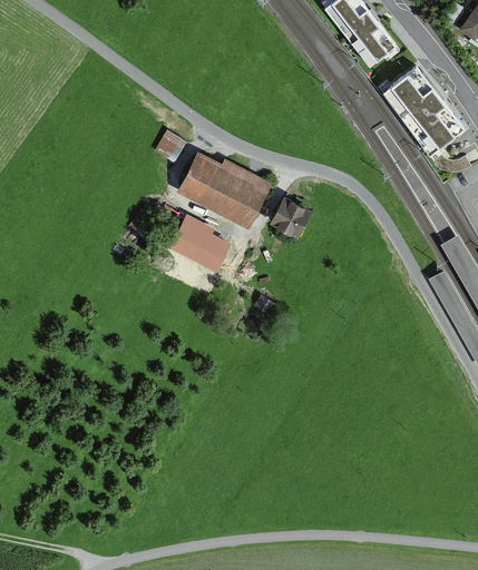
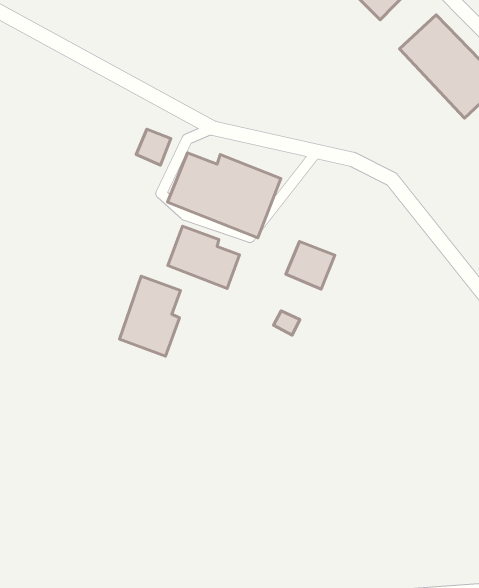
building: [269,196,311,237] -> [286,242,335,289]
building: none -> [120,276,181,356]

